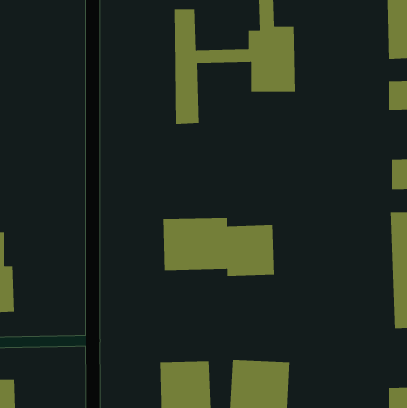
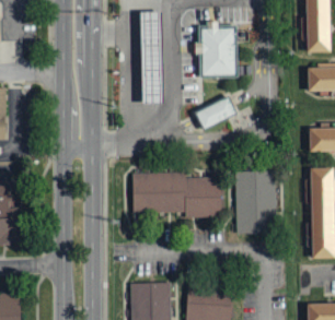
building: none -> [194,93,240,130]
building: none -> [234,167,278,230]

